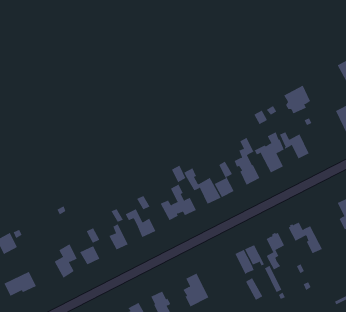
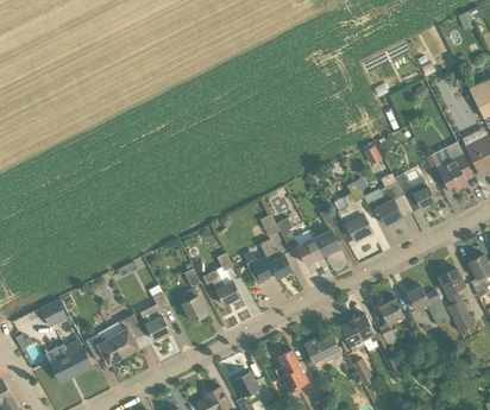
building: [283,85,311,114] -> [436,154,471,191]
building: none -> [439,267,473,332]
building: none -> [84,333,124,365]
building: none -> [303,335,340,362]

